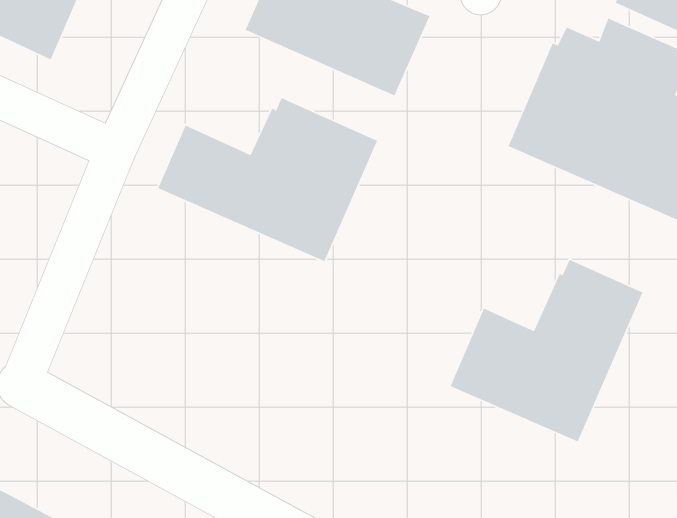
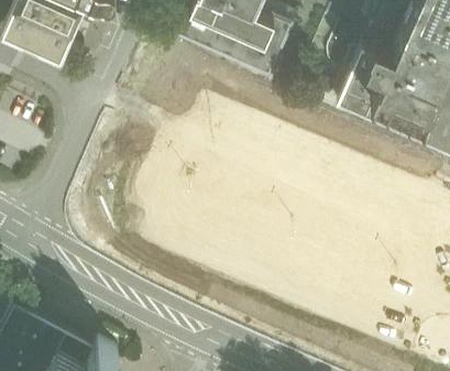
building: [157,97,378,262] -> none
building: [449,259,644,443] -> none

